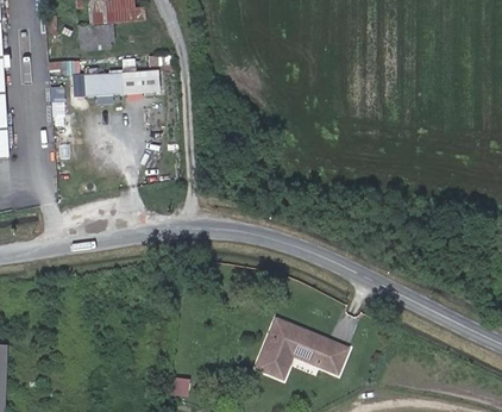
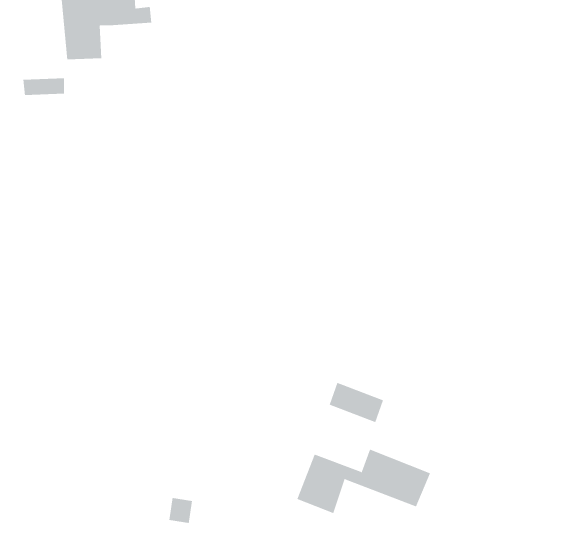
building: [83,73,159,99] -> none
building: [262,318,302,348] -> [329,382,384,423]

